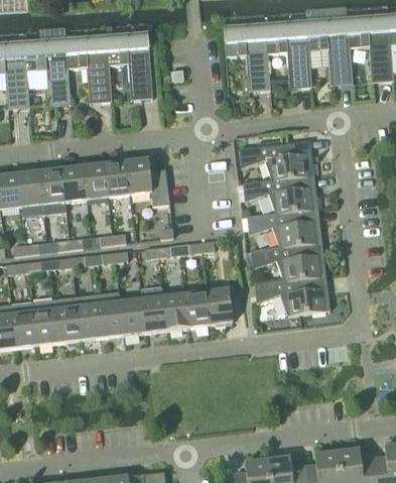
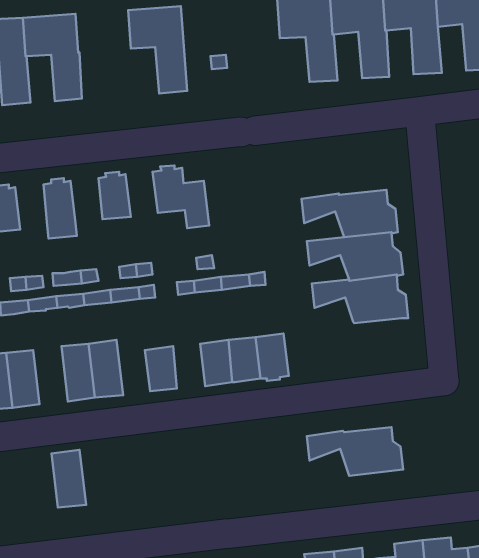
building: [64,34,111,103] -> none
building: [238,138,313,179] -> none
building: [104,159,129,197] -> none
building: [60,164,86,202] -> none
building: [17,169,42,207] -> none
building: [254,276,329,315] -> [307,427,403,476]
building: [140,286,166,332] -> none
building: [97,291,123,337] -> none
building: [31,298,58,344] -> [51,450,86,508]

